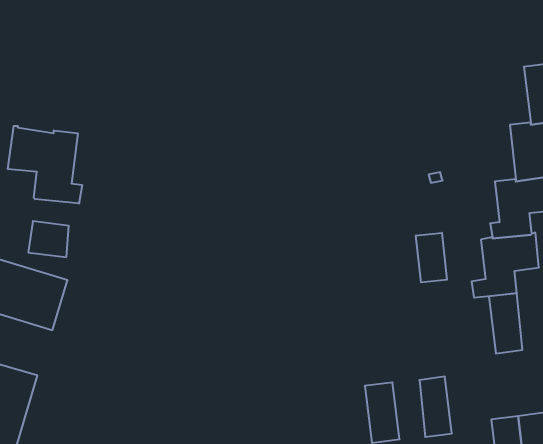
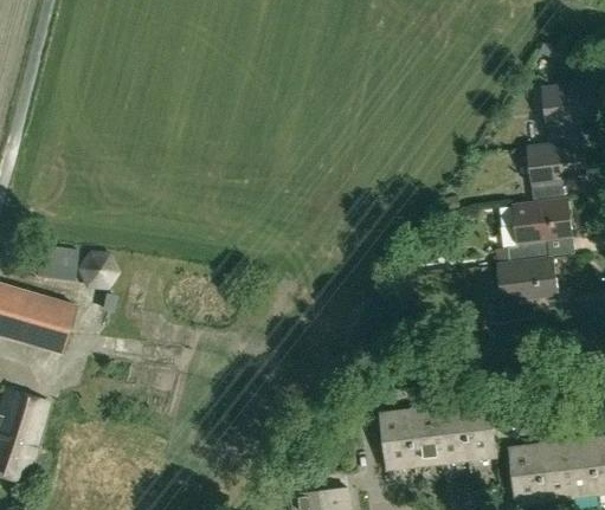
building: [8,126,82,204] -> none
building: none -> [78,250,117,289]
building: [416,233,447,282] -> none
building: [489,293,522,353] -> [461,399,495,460]
building: none -> [407,406,440,466]

